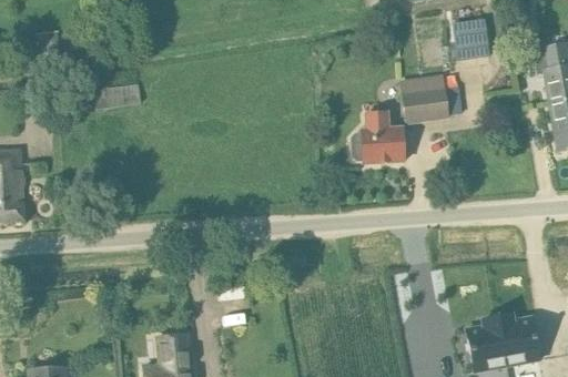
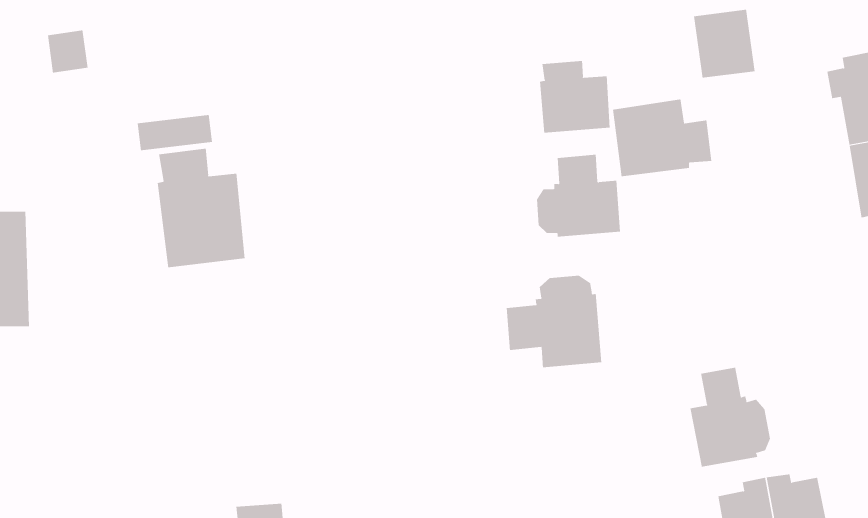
building: none -> [539,60,610,133]
building: none -> [157,148,245,268]
building: none -> [506,275,602,368]
building: none -> [690,367,771,468]

